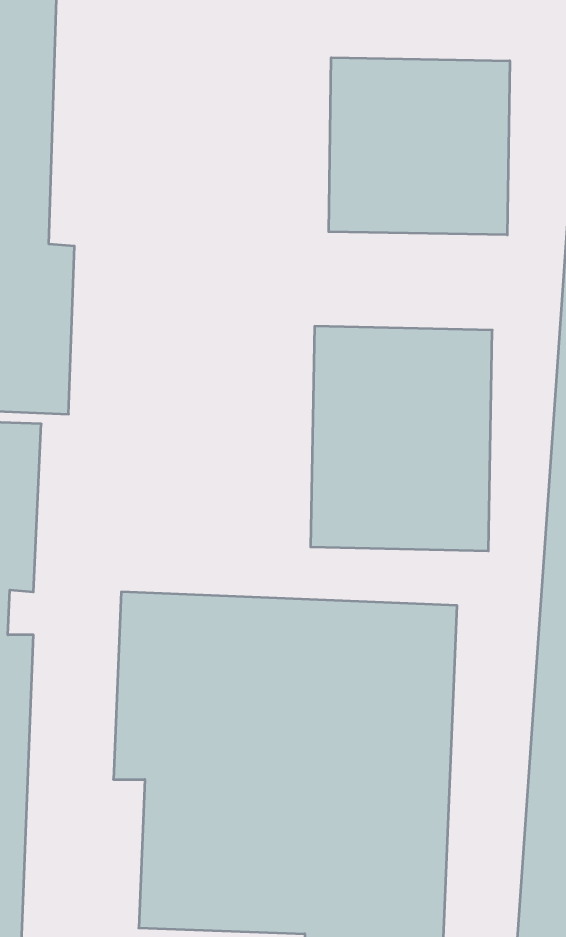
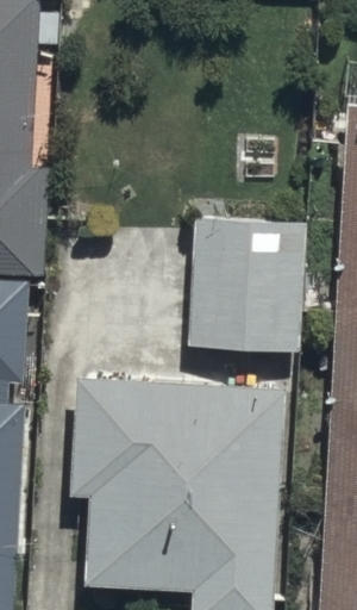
building: [329,58,510,235] -> none

